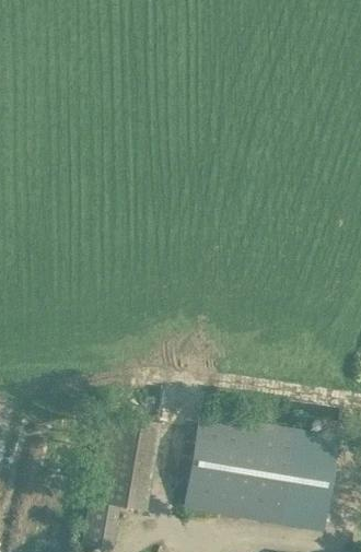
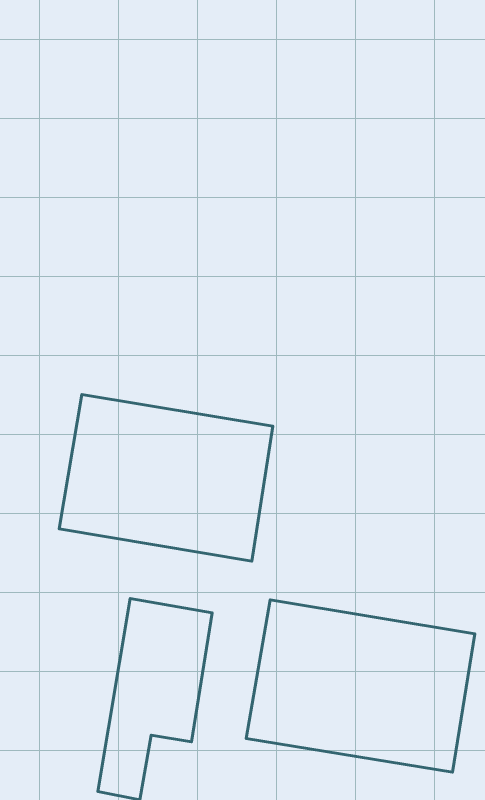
building: none -> [59,395,273,561]

